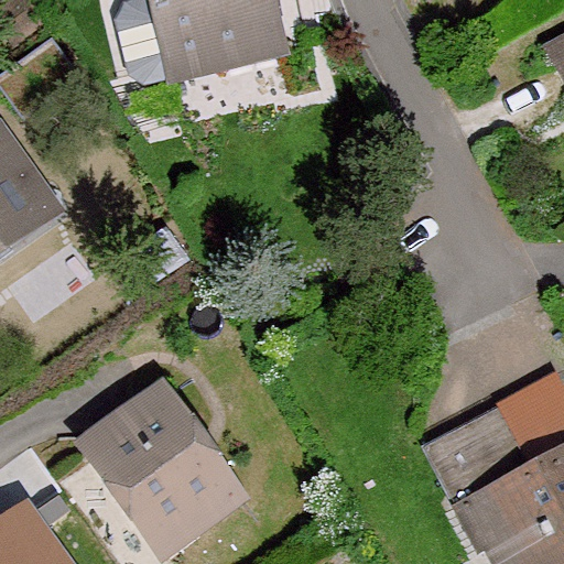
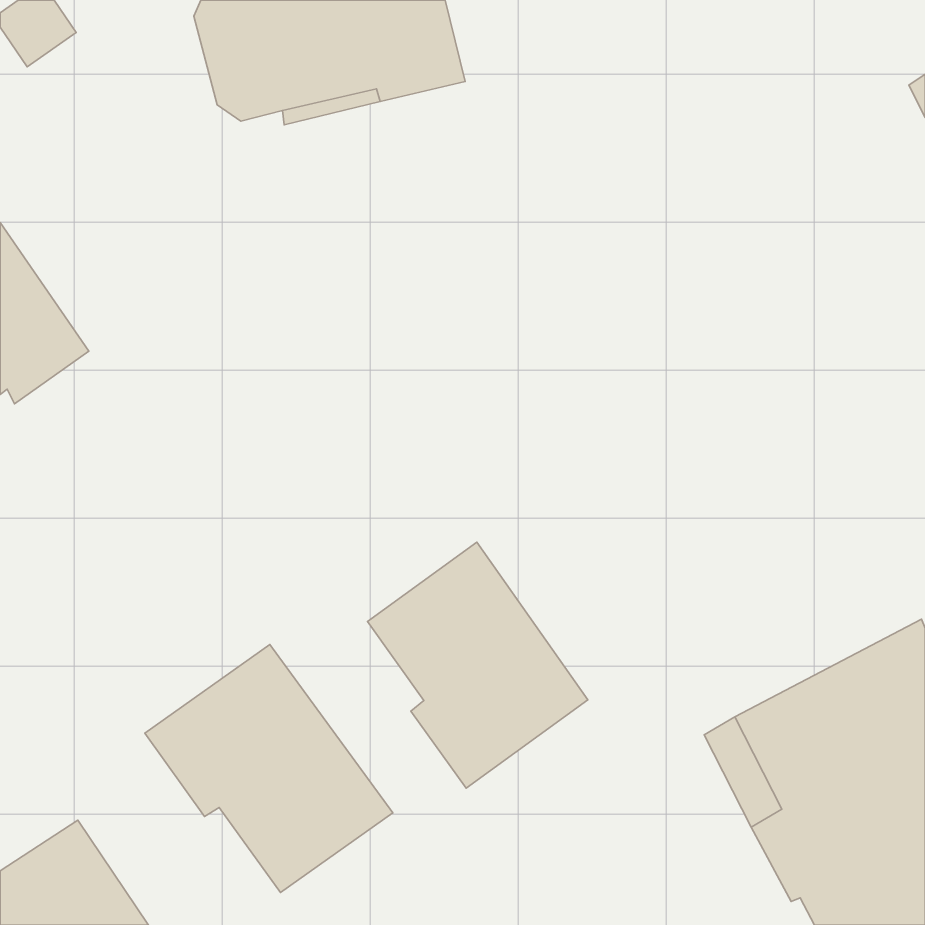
building: none -> [368,542,588,788]

